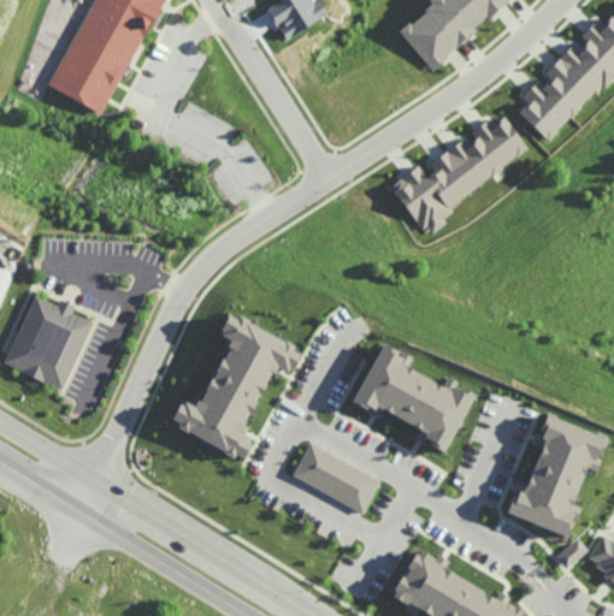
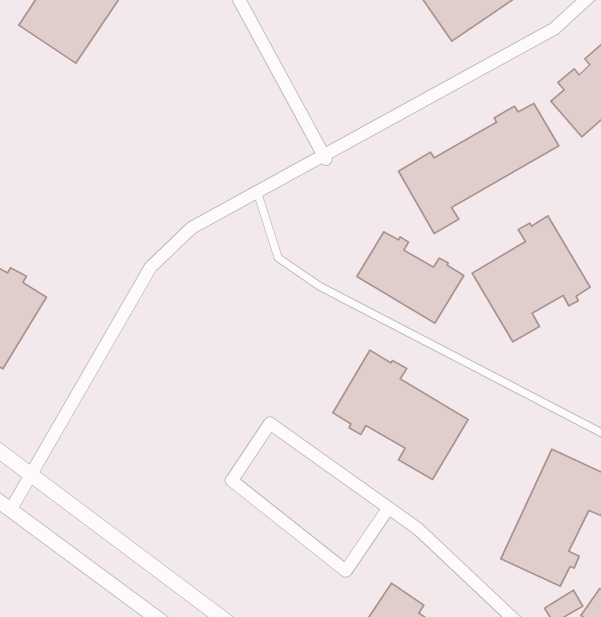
building: none -> [472,216,590,342]
building: none -> [357,232,464,323]
building: [169,315,301,457] -> none
building: [291,443,380,513] -> none

